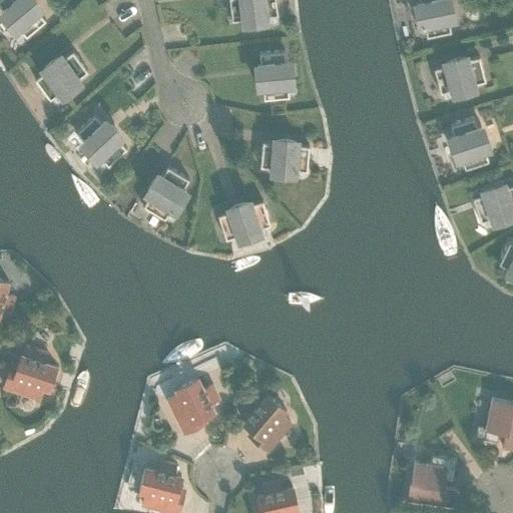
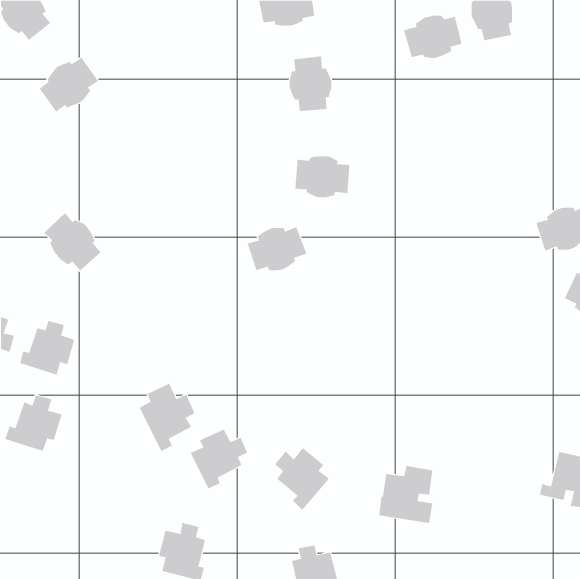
building: [434,57,486,95] -> [403,15,462,59]
building: [76,115,127,167] -> [43,212,101,271]
building: [450,118,489,170] -> none
building: [143,167,189,220] -> none
building: none -> [19,320,75,376]
building: none -> [139,383,195,452]
building: [409,456,457,507] -> [379,466,433,524]

